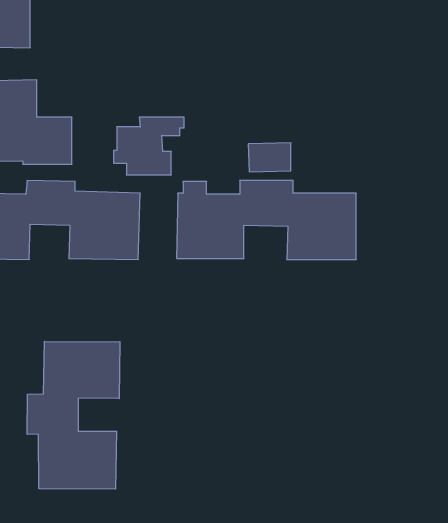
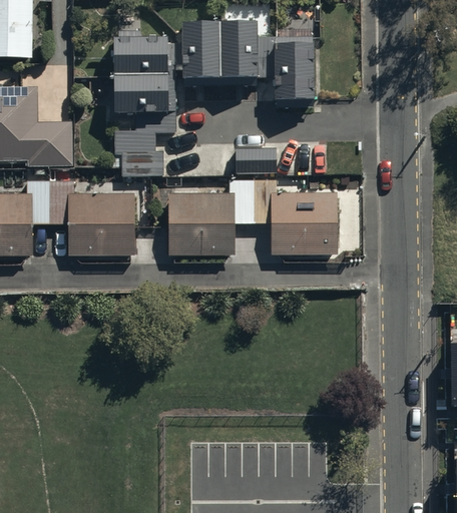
building: none -> [182,21,313,98]
building: none -> [114,30,174,114]
building: [27,341,120,489] -> none

